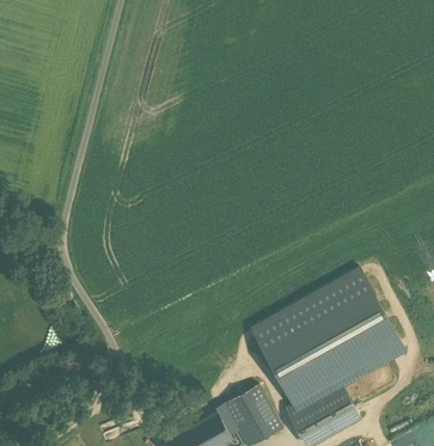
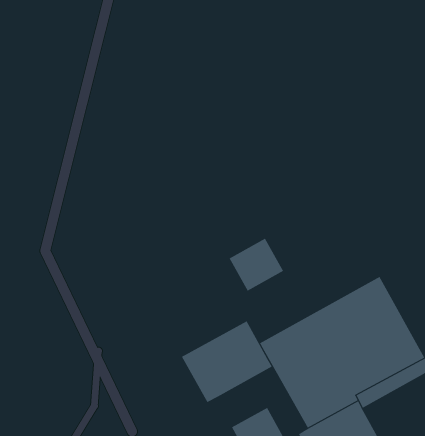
building: none -> [229,238,284,291]
building: none -> [181,320,273,403]

